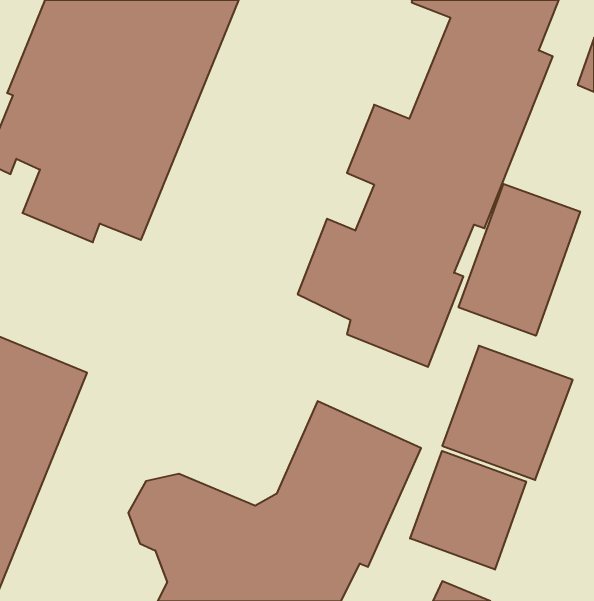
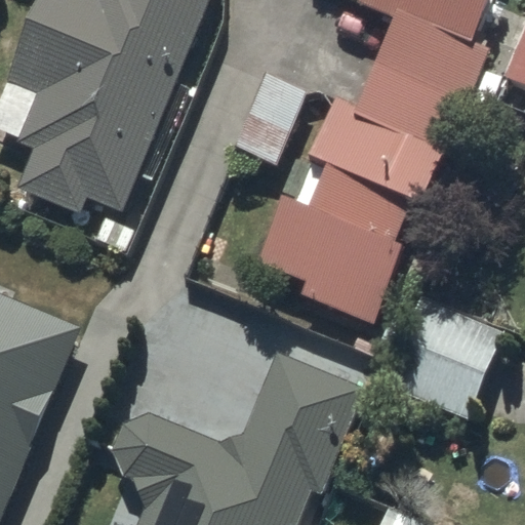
building: [459,184,580,336] -> none
building: [410,451,526,570] -> none

